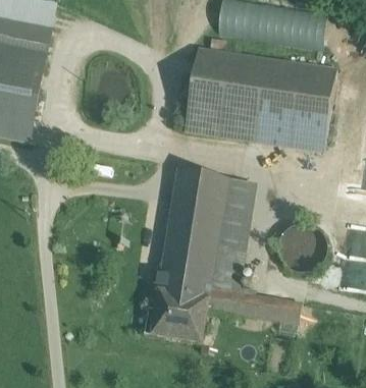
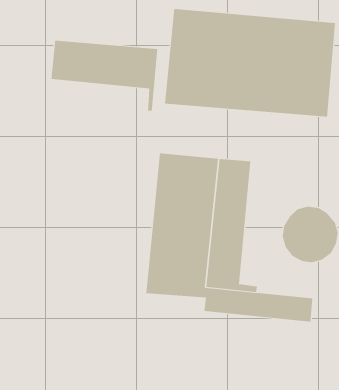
building: none -> [51,40,158,112]
building: [144,290,209,343] -> none

